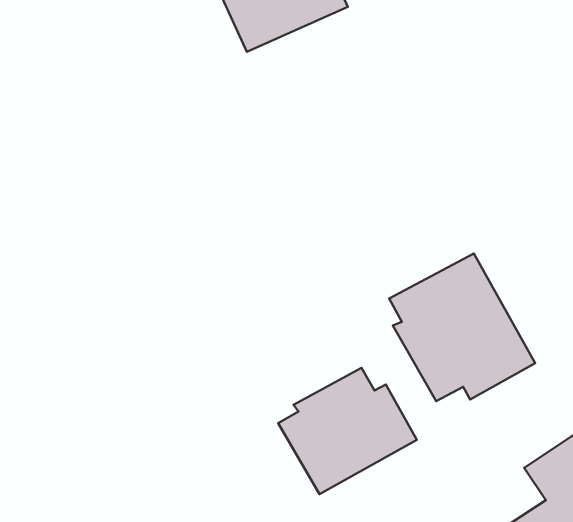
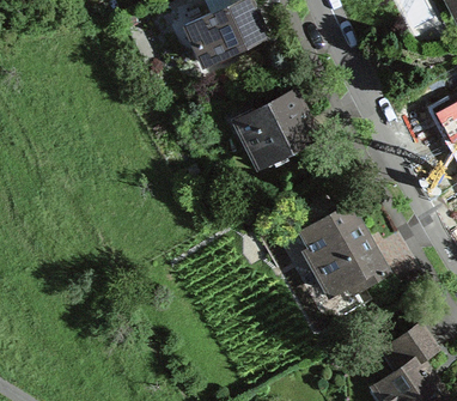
building: none -> [230,87,315,172]
building: [278,368,417,494] -> none

